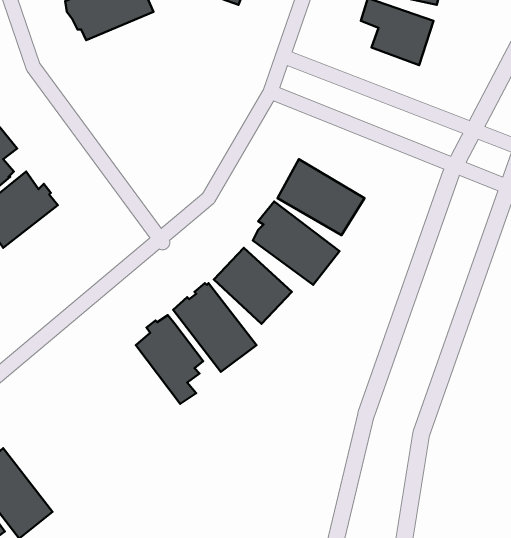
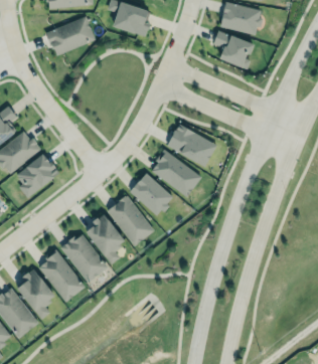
building: none -> [15,155,59,198]
building: none -> [60,232,108,281]
building: none -> [38,247,85,301]
building: none -> [14,270,55,320]

